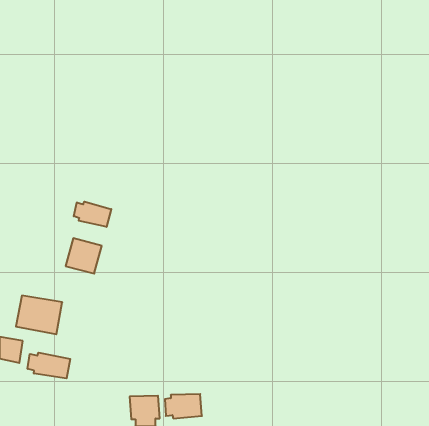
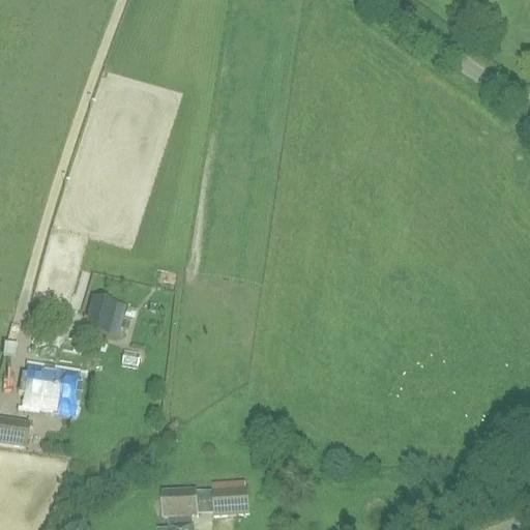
building: [74,202,111,227] -> none
building: [28,353,70,378] -> none

